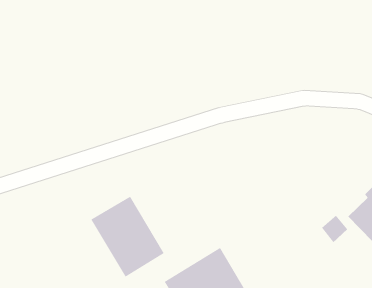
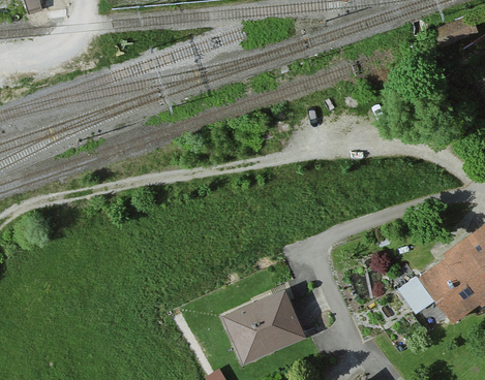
building: [90,196,164,277] -> none

